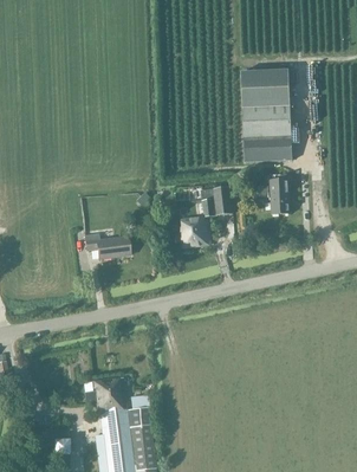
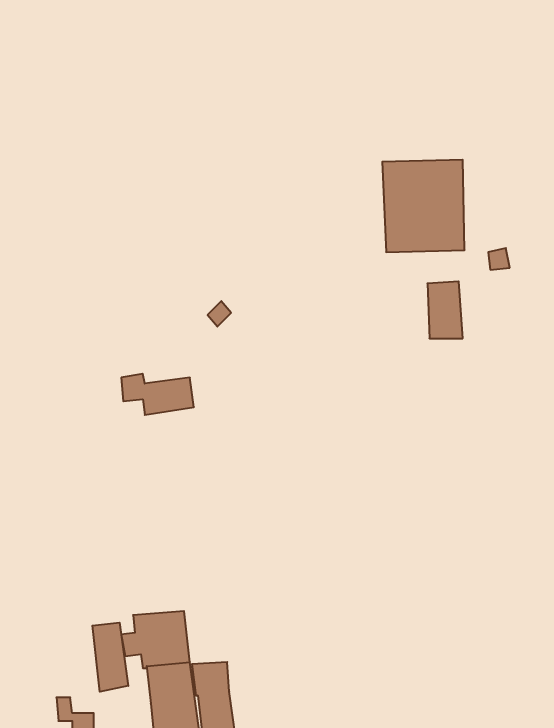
building: [240,66,290,106] -> none
building: [180,187,232,247] -> none
building: none -> [92,623,128,692]

